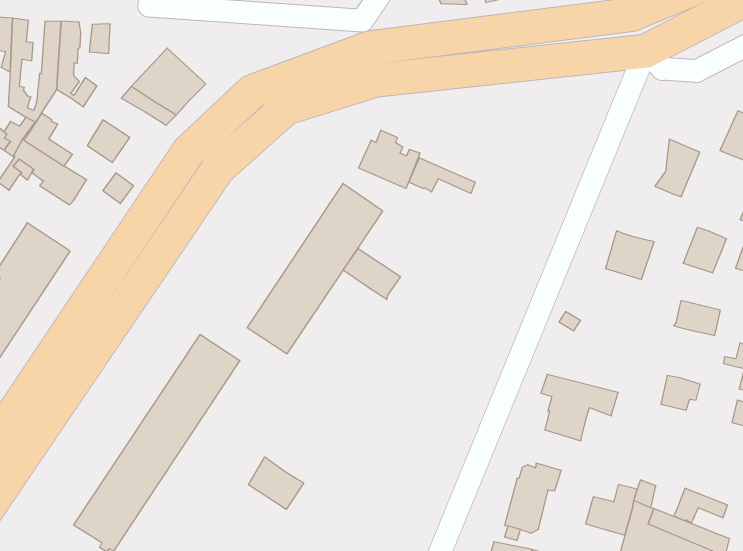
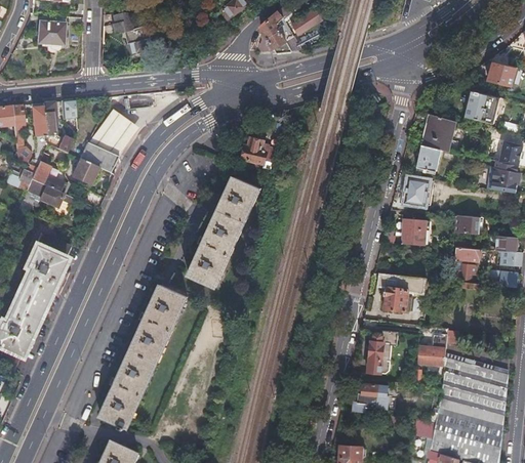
building: none -> [77,143,117,173]
building: [409,158,475,193] -> none
building: [683,228,727,273] -> [415,144,440,171]
building: [343,248,400,300] -> none
building: none -> [403,218,432,245]
building: none -> [454,247,482,263]
building: [249,457,304,509] -> none
building: [674,488,728,523] -> none

